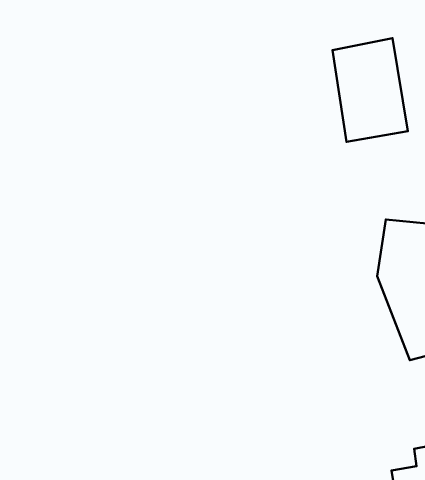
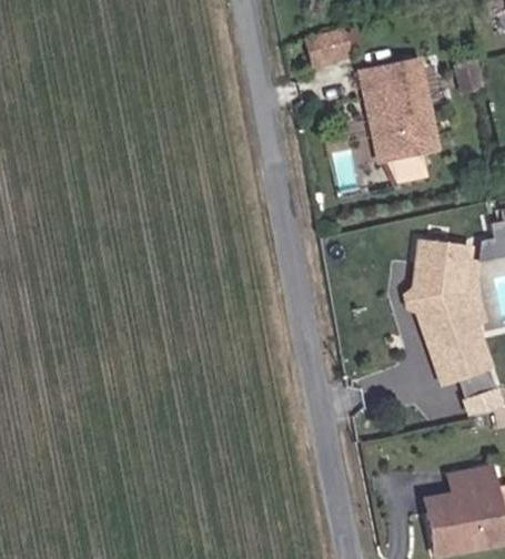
building: none -> [303,27,362,63]

